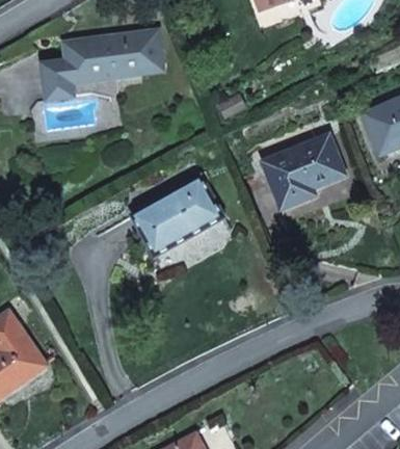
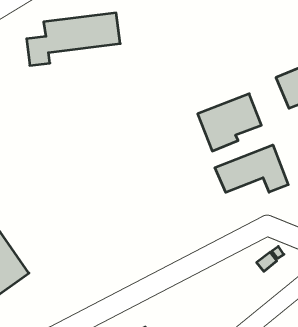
building: [131,175,224,257] -> none
building: none -> [215,145,288,192]

